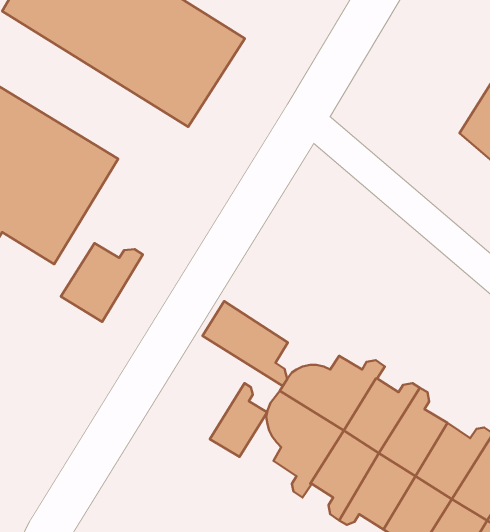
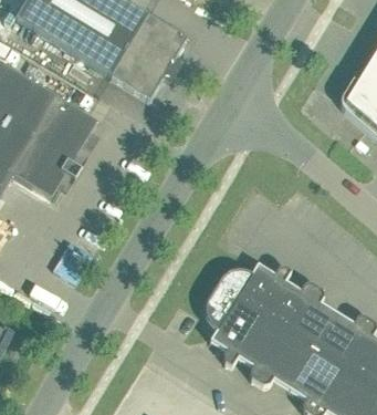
building: [61,243,143,322] -> none
building: [202,301,288,386] -> none
building: [210,383,267,457] -> none

